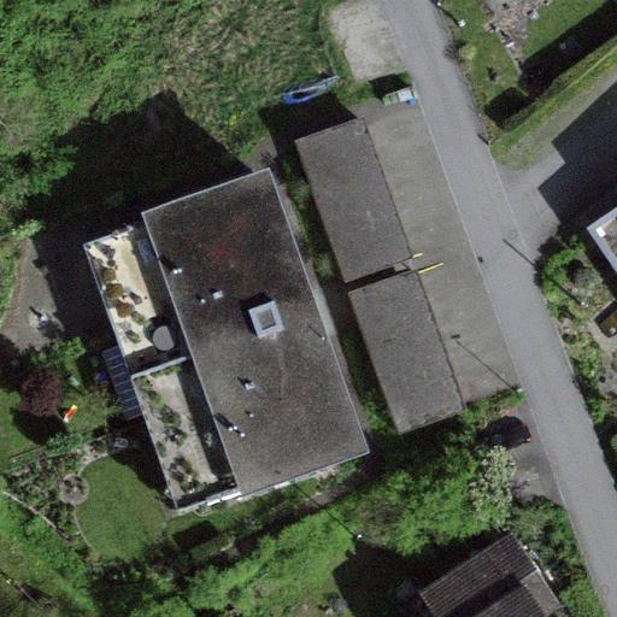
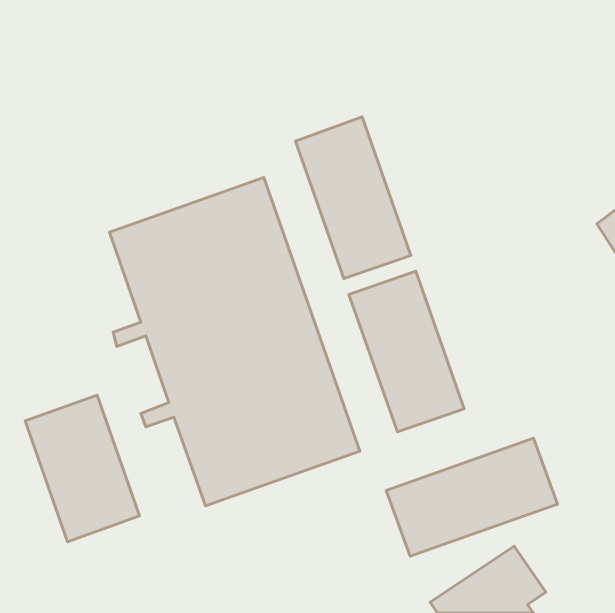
building: none -> [25,395,140,542]
building: none -> [386,438,557,556]

